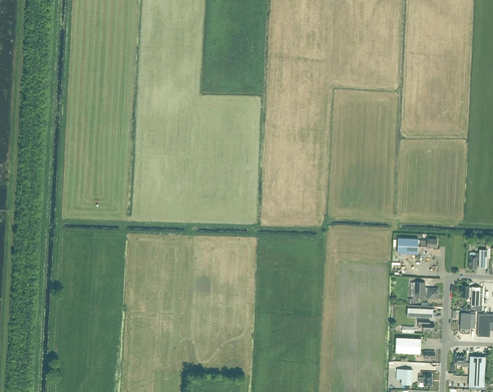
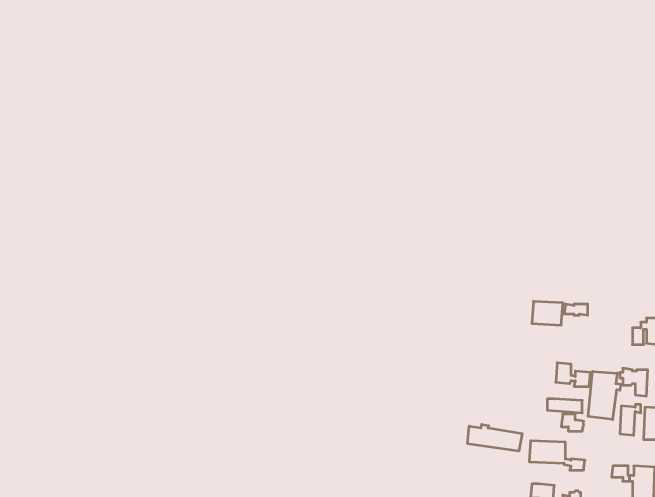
building: none -> [588,371,621,420]
building: none -> [468,424,522,451]

